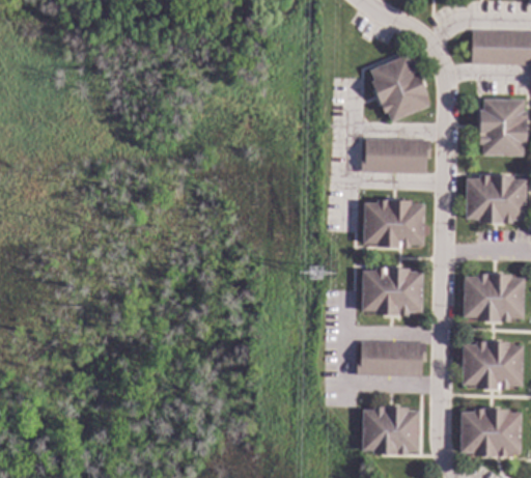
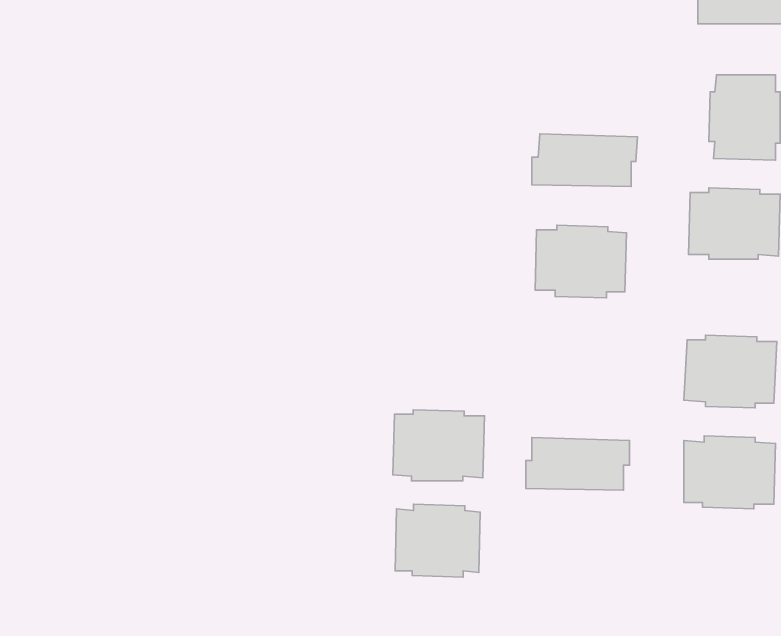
building: [370,54,429,121] -> none
building: [362,266,423,314] -> [393,410,484,481]
building: [362,405,419,454] -> [395,504,480,577]
building: [460,407,522,456] -> none

